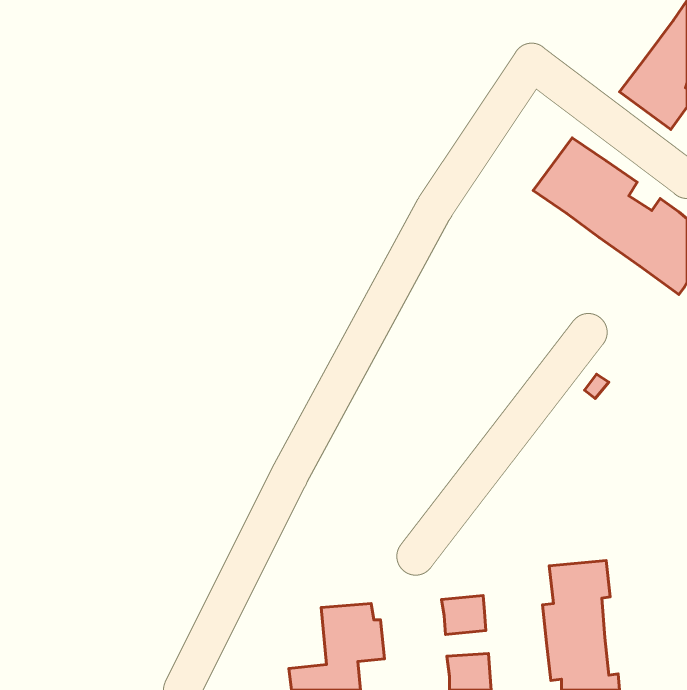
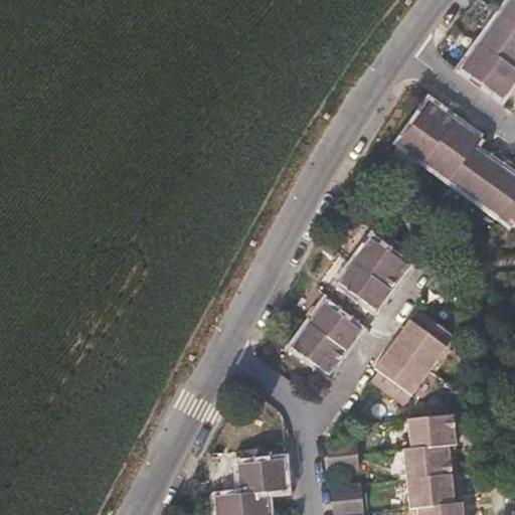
building: none -> [287,231,409,382]
building: none -> [375,317,454,404]

